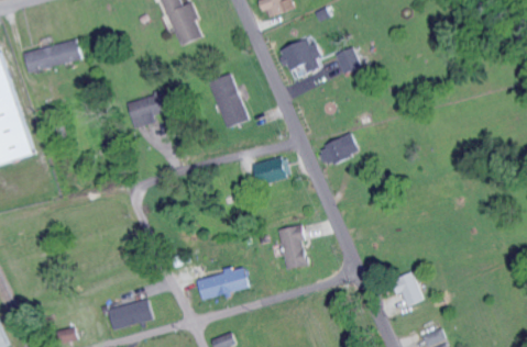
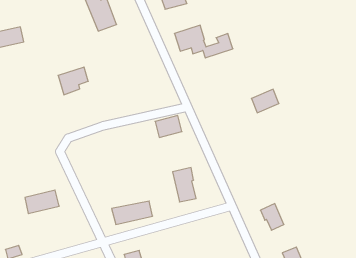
building: [208,71,248,127] -> none
building: [316,136,352,167] -> [251,89,279,113]
building: [108,299,153,329] -> [25,190,59,214]

